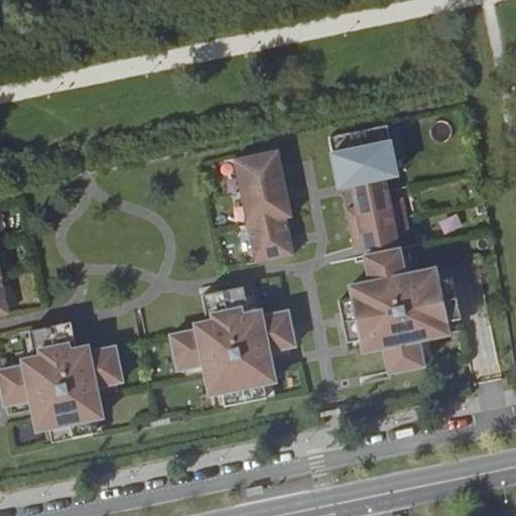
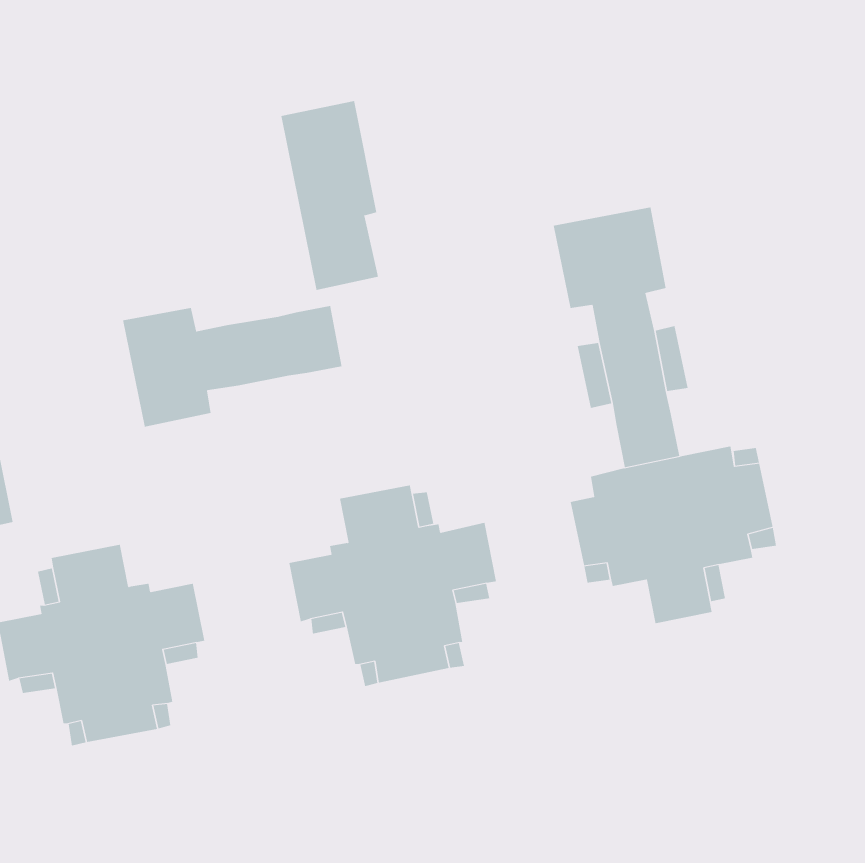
building: [234,147,292,260] -> [280,101,379,290]
building: none -> [122,305,342,427]

